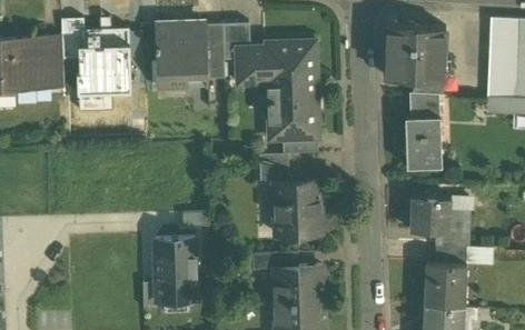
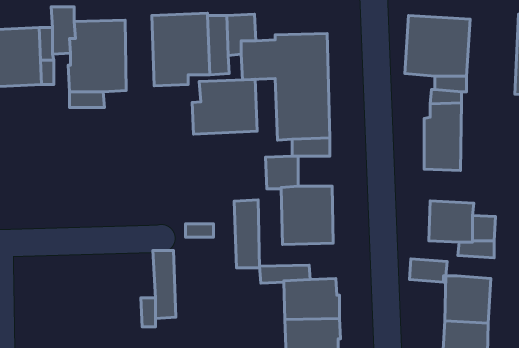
building: none -> [192,79,257,134]
building: [174,239,197,301] -> [234,200,260,268]
building: [434,244,468,266] -> [410,259,447,282]

